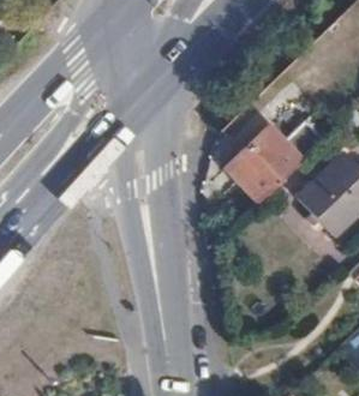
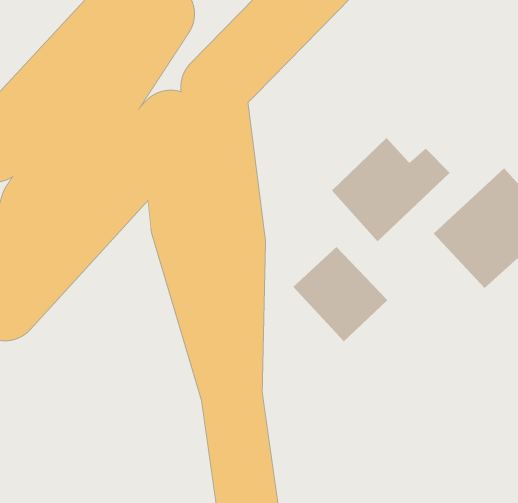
building: none -> [293,246,388,342]

